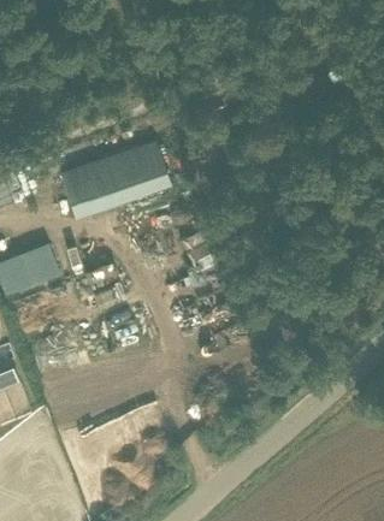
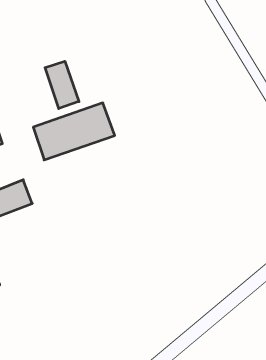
building: none -> [45,61,79,109]

